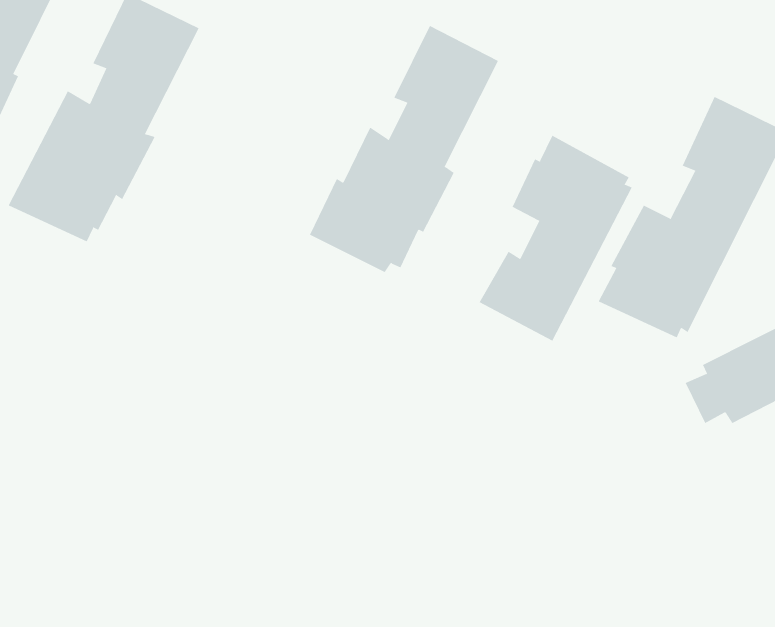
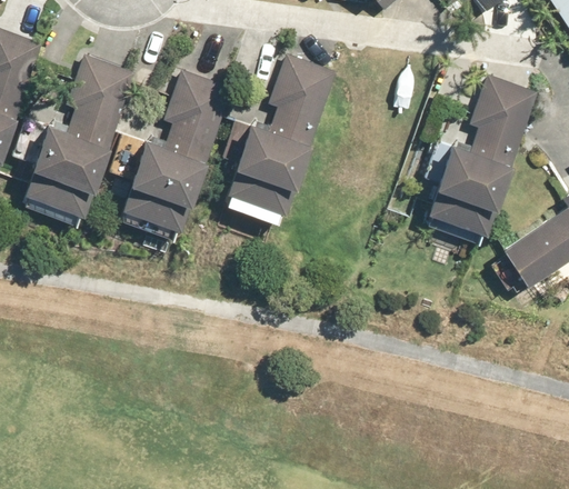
building: none -> [121,68,232,238]
building: [479,135,632,342] -> none

